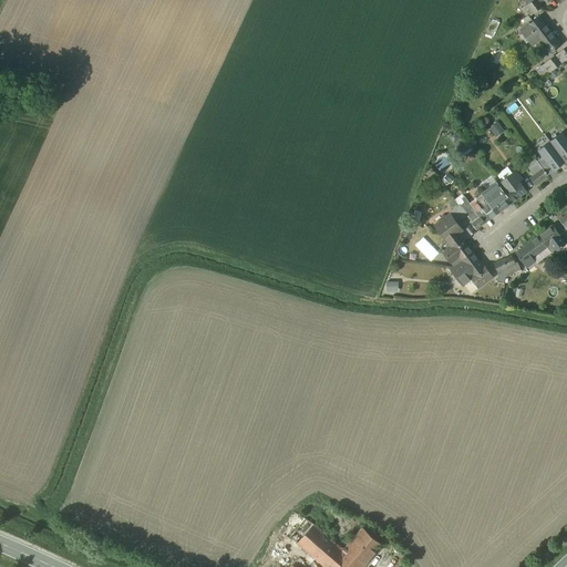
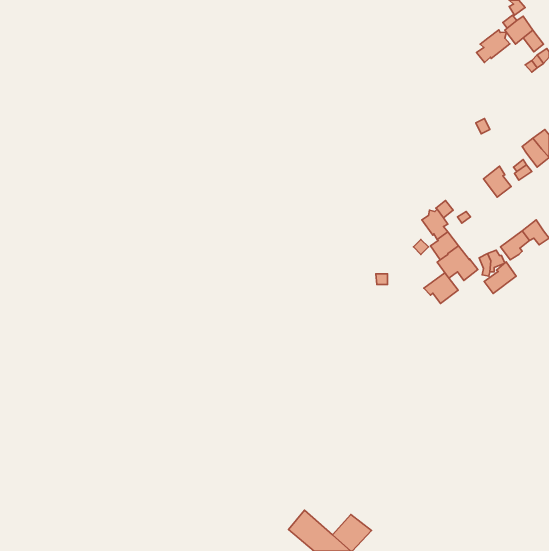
building: none -> [477,30,510,62]
building: [474,183,512,215] -> none
building: none -> [484,262,516,294]
building: none -> [424,273,458,304]

